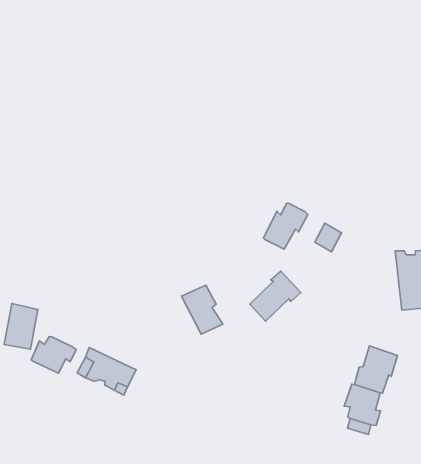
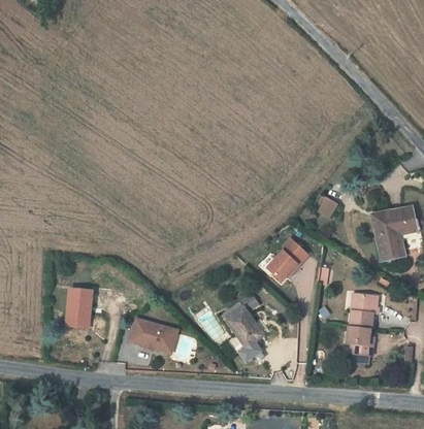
building: [263,203,308,249] -> none
building: [182,285,223,334] -> [224,308,260,349]
building: [31,336,76,373] -> none

